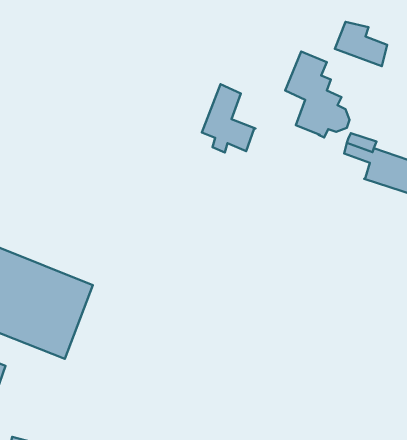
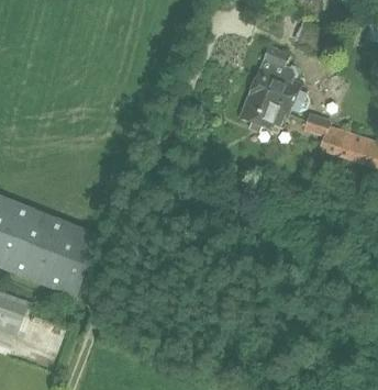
building: [202,84,256,153] -> [238,76,282,132]

